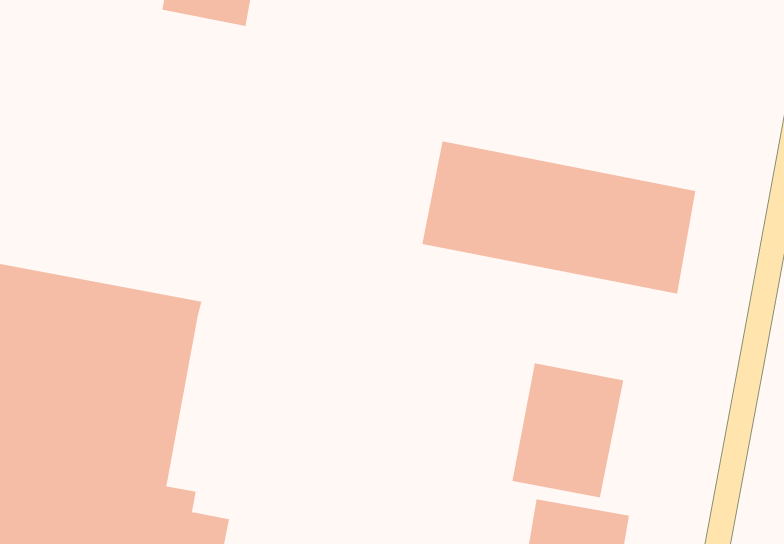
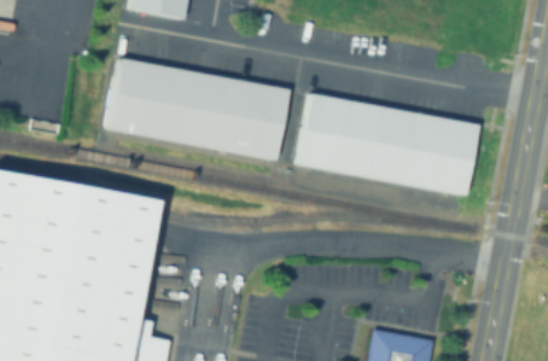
building: none -> [105,58,290,157]
building: [512,362,624,498] -> none

